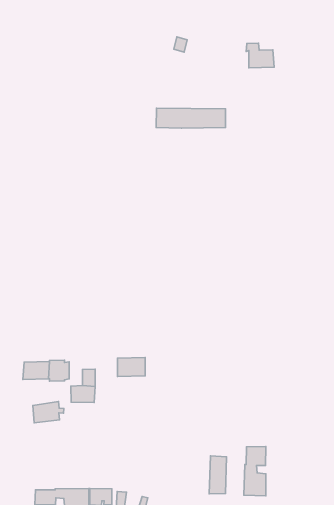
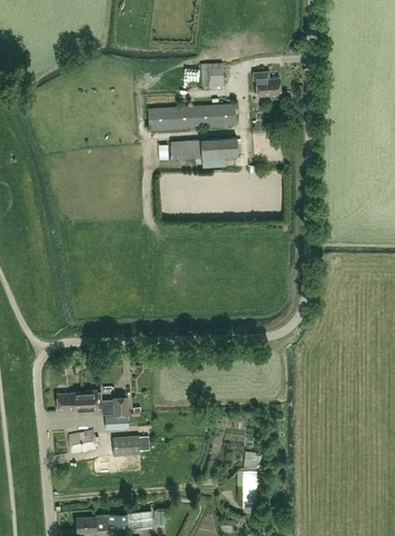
building: none -> [200,63,224,90]
building: none -> [147,105,235,130]
building: [118,358,145,377] -> [111,436,139,456]
building: [244,446,266,496] -> none

